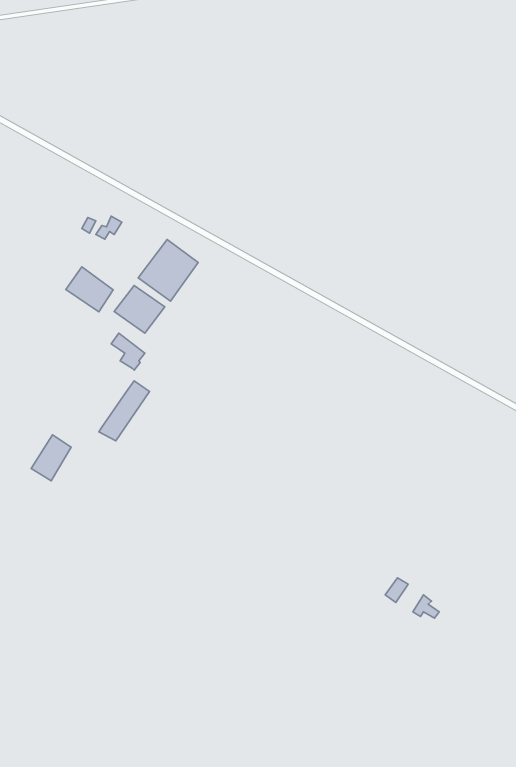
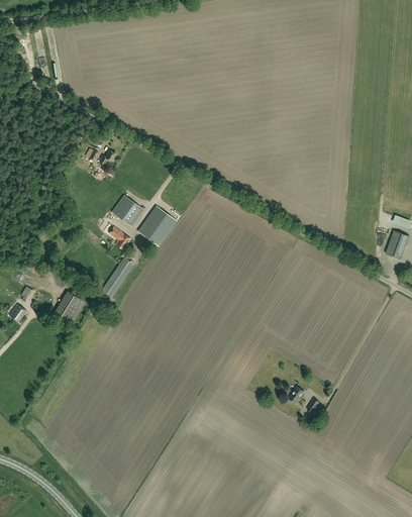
building: [138,239,198,301] -> [135,205,175,245]
building: [66,267,113,312] -> none

